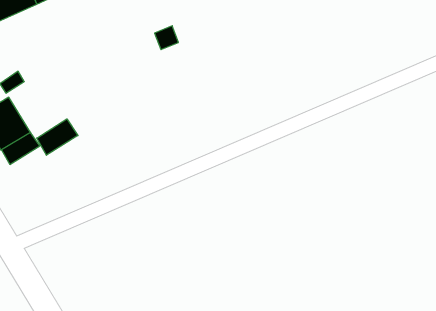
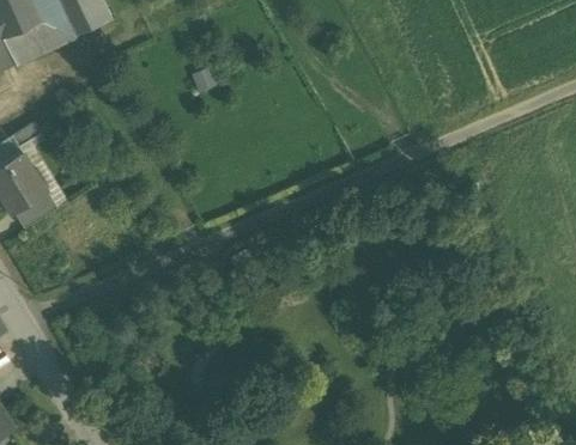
building: [37,119,78,155] -> none

